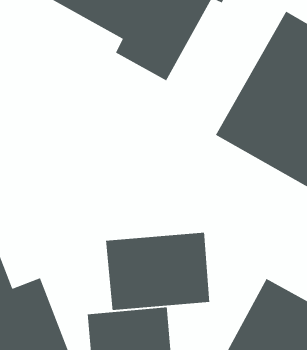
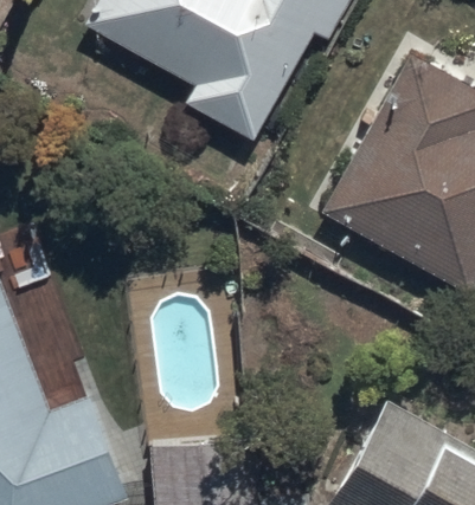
building: [105,232,210,311] -> none

